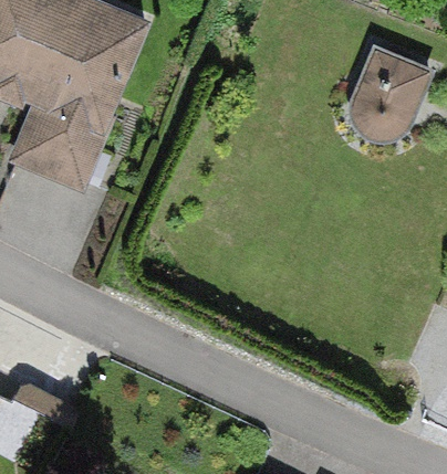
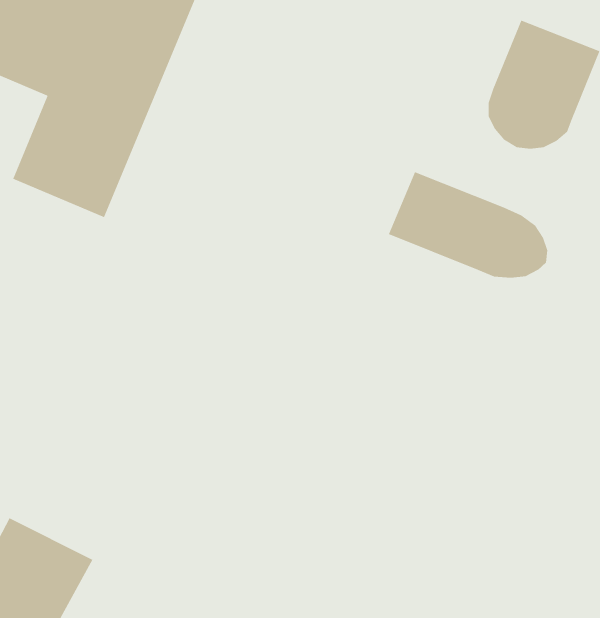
building: none -> [388,171,548,279]

